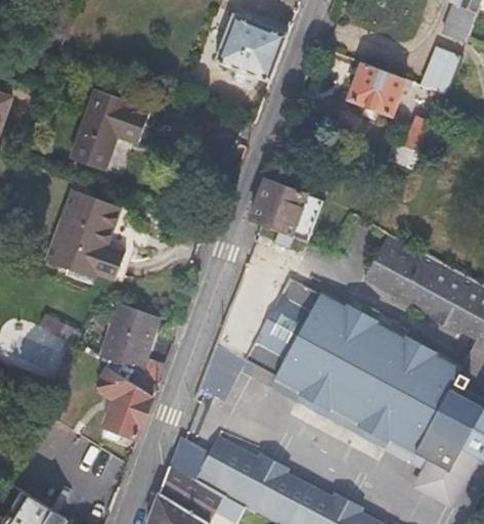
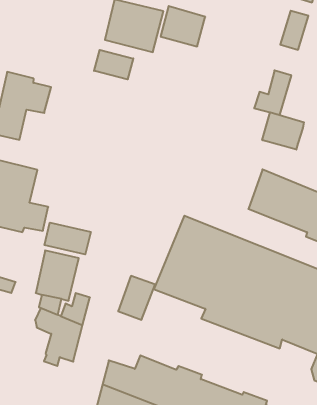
building: [350,63,405,115] -> [161,6,205,46]
building: none -> [94,50,133,79]
building: none -> [262,112,304,150]
building: [251,181,322,242] -> none
building: none -> [44,223,91,254]

